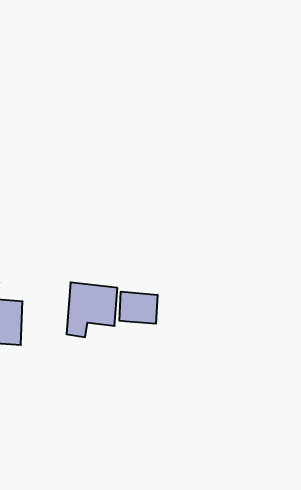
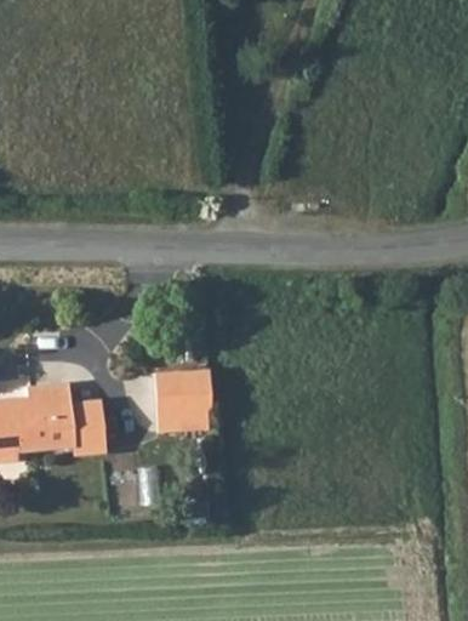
building: [119,292,157,324] -> none

